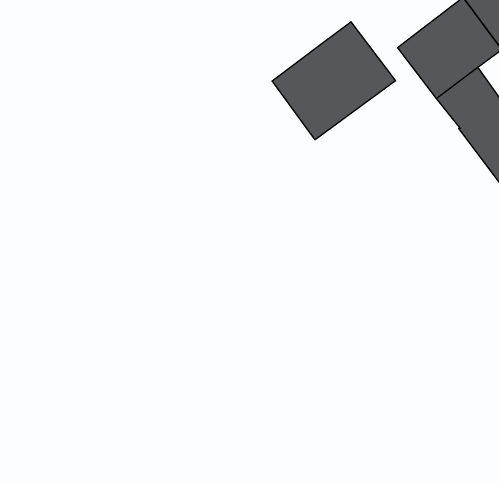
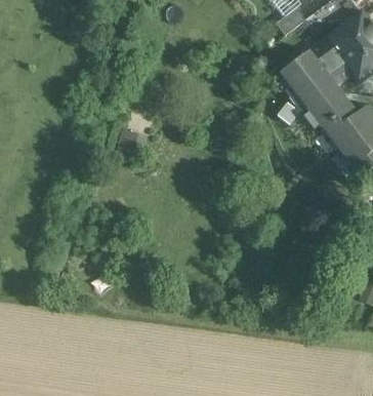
building: [272,22,396,140] -> none

